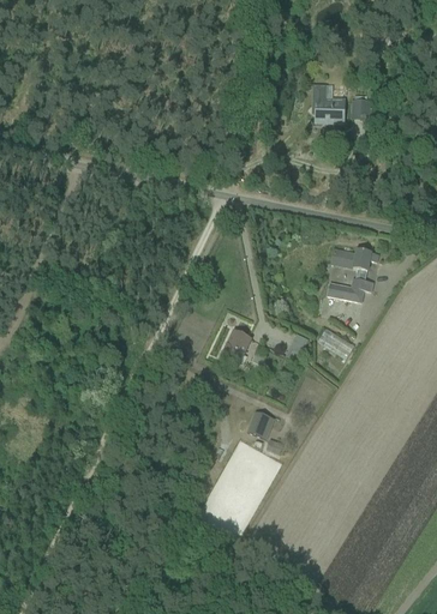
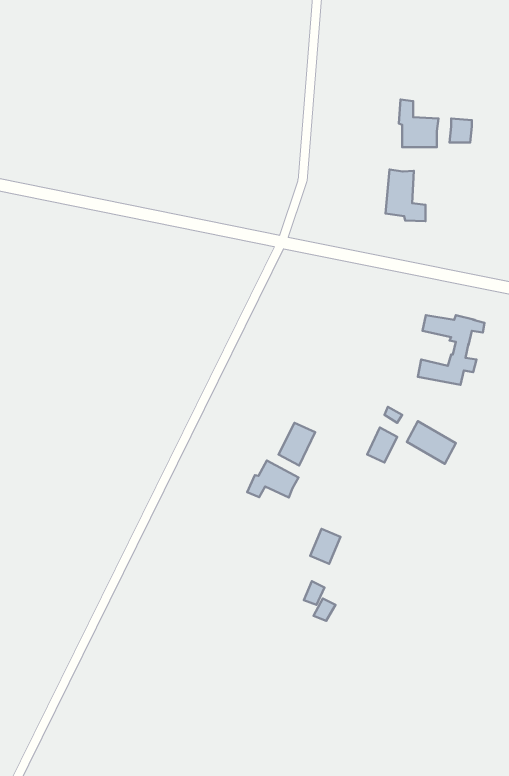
building: none -> [385,170,426,221]
building: none -> [247,461,298,497]

